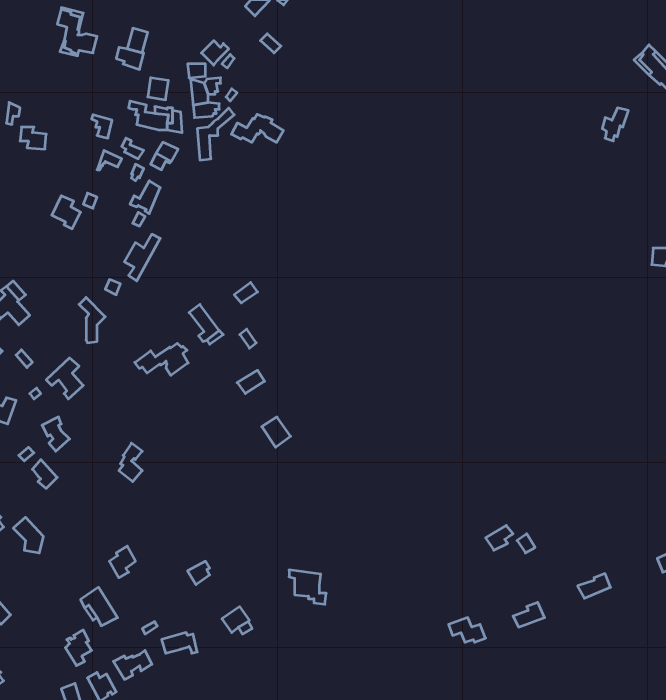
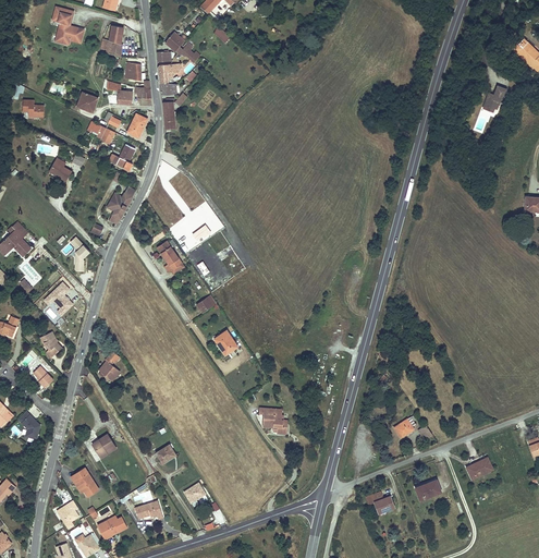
building: [231,114,283,142] -> none
building: [135,343,188,375] -> none
building: [289,570,326,604] -> [257,407,286,434]

